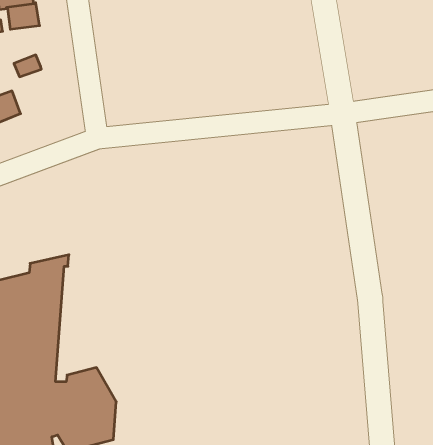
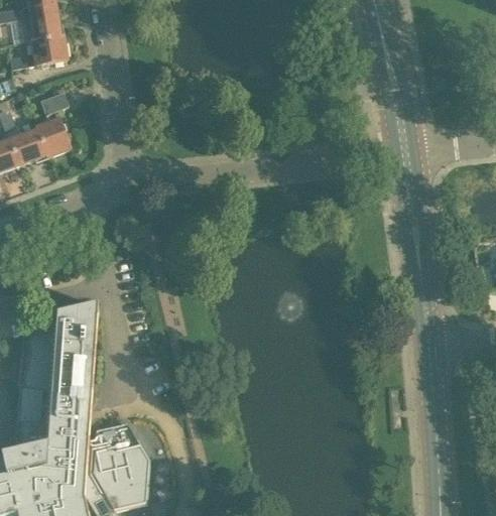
building: none -> [37,119,71,157]

